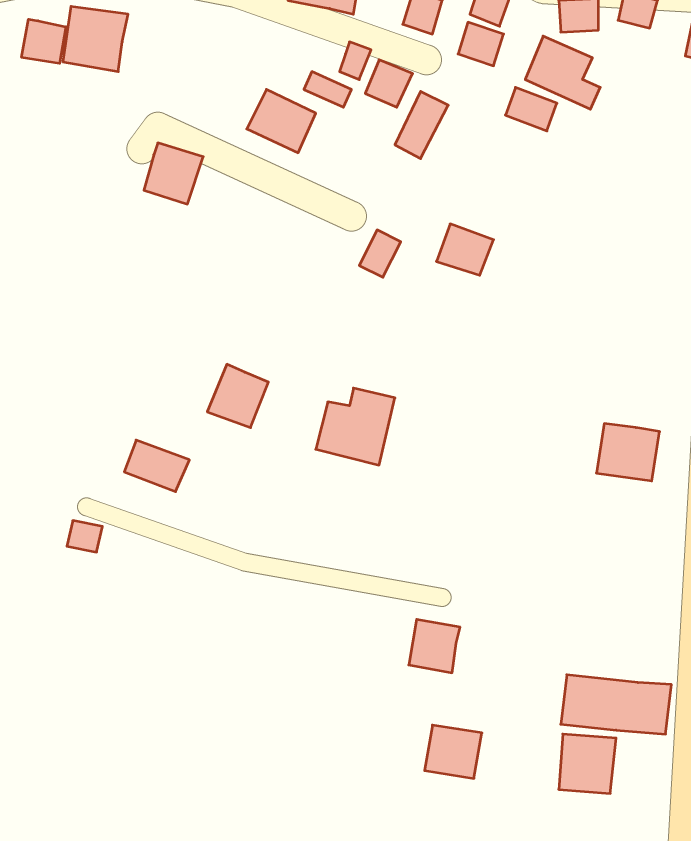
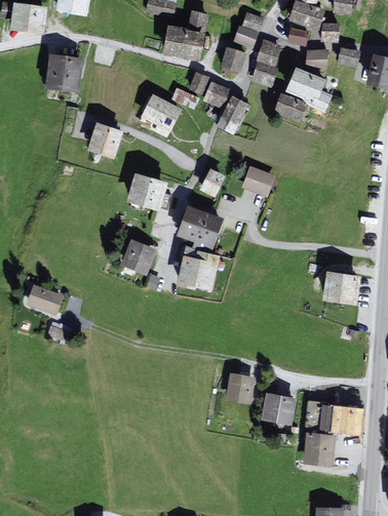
building: [22,19,66,63] -> none
building: none -> [129,176,164,209]
building: none -> [181,210,221,245]
building: [124,440,189,492] -> [28,284,62,311]
building: [425,725,482,778] -> [265,393,295,421]

